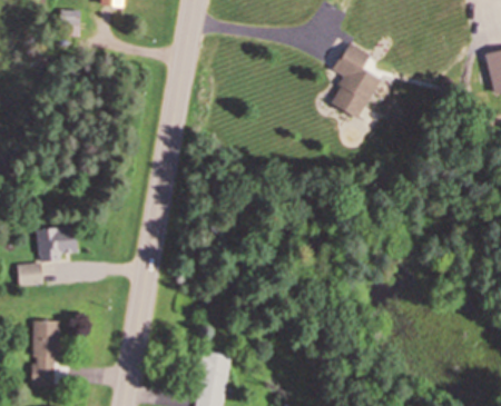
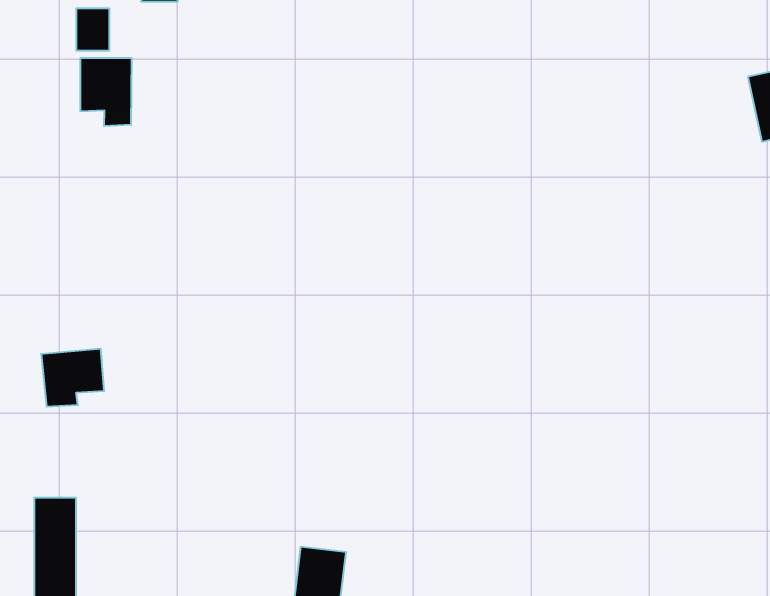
building: none -> [80,58,132,126]
building: [330,43,381,119] -> none
building: [17,264,42,286] -> none

